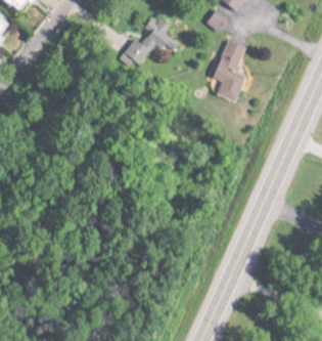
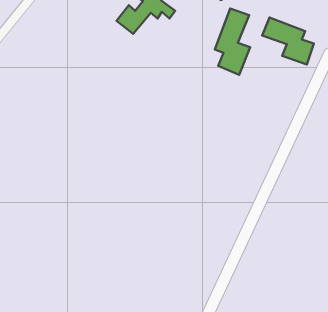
building: none -> [262,18,314,65]

